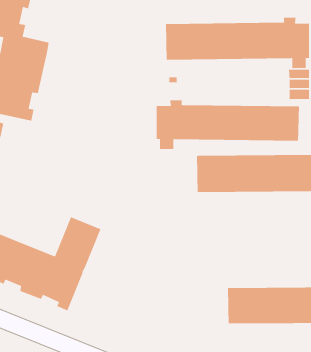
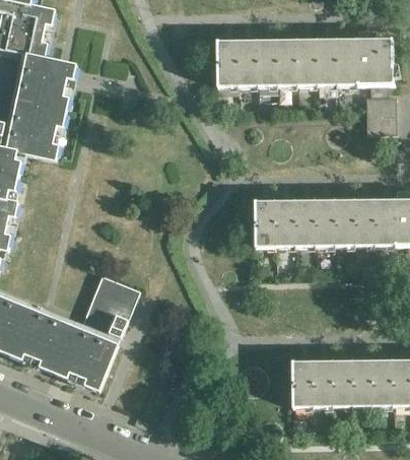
building: [153,99,300,150] -> none

